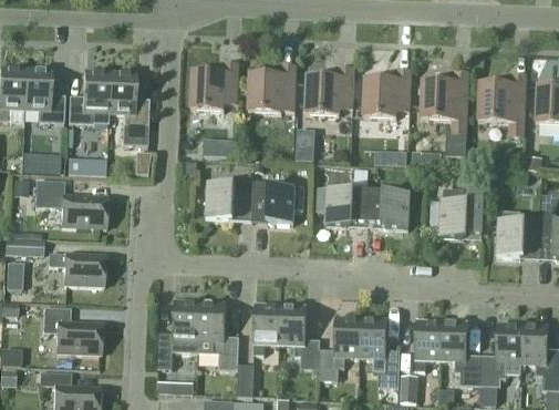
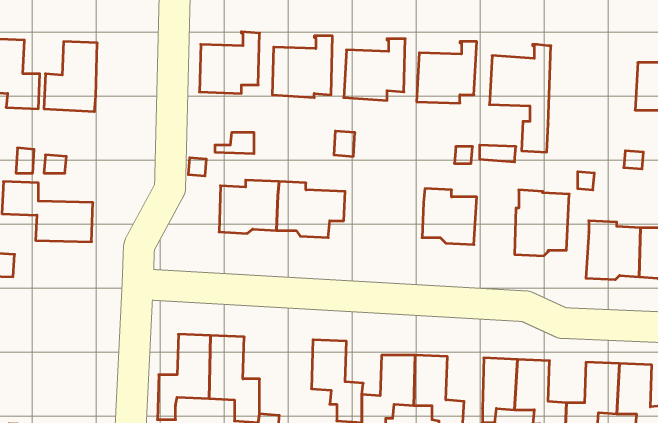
building: [108,70,148,144] -> none
building: [478,73,526,136] -> none
building: [315,184,369,226] -> none
building: [48,252,104,286] -> none
building: [252,304,280,355] -> none
building: [42,306,101,353] -> none

